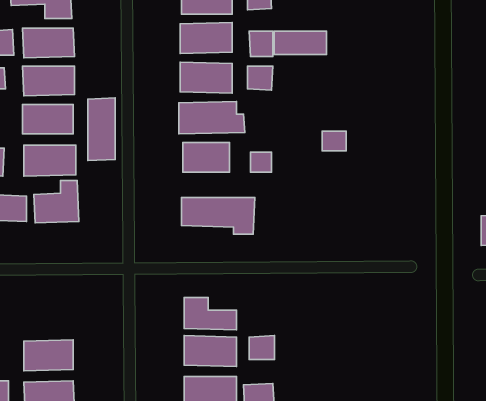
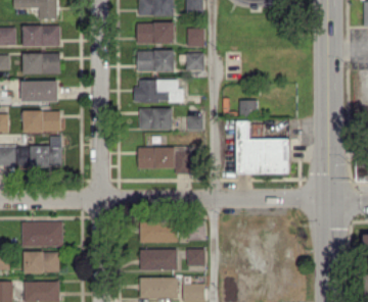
building: [274,31,326,54] -> none
building: [88,98,115,160] -> none
building: none -> [236,120,289,174]
building: none -> [20,221,62,247]

